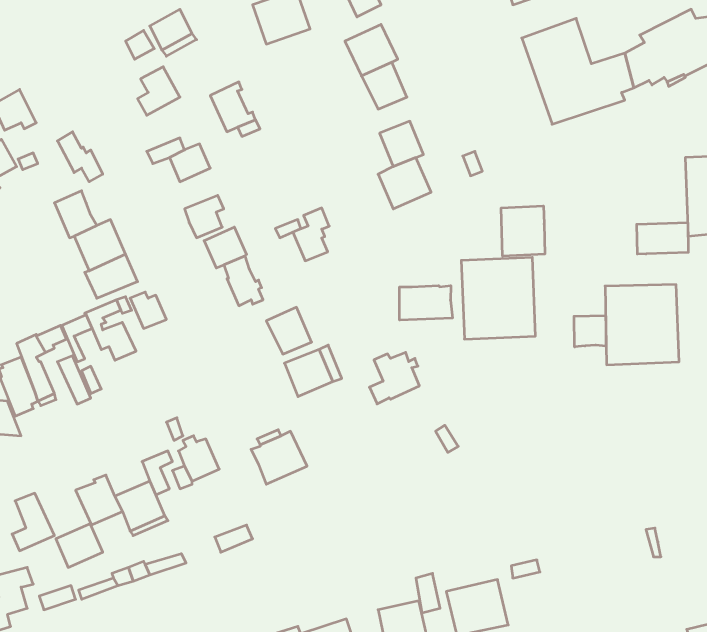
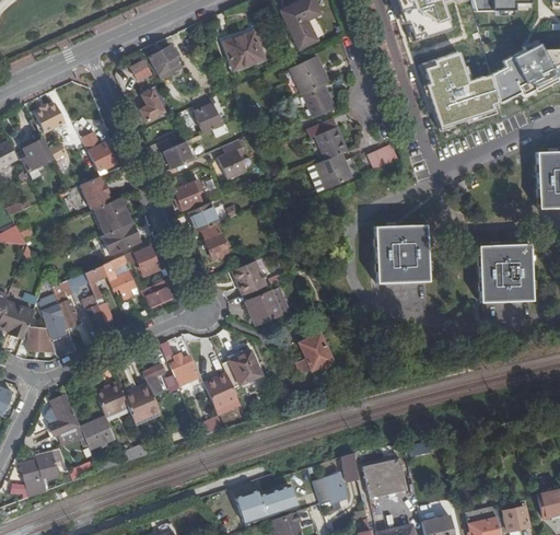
building: [501,206,545,256] -> none
building: [293,208,329,261] -> [218,139,244,177]
building: [637,223,688,254] -> none
building: [400,286,452,320] -> none
building: [574,316,606,347] -> none
building: none -> [141,276,176,305]
building: [369,352,419,404] -> [296,336,332,373]
building: none -> [205,373,242,415]

